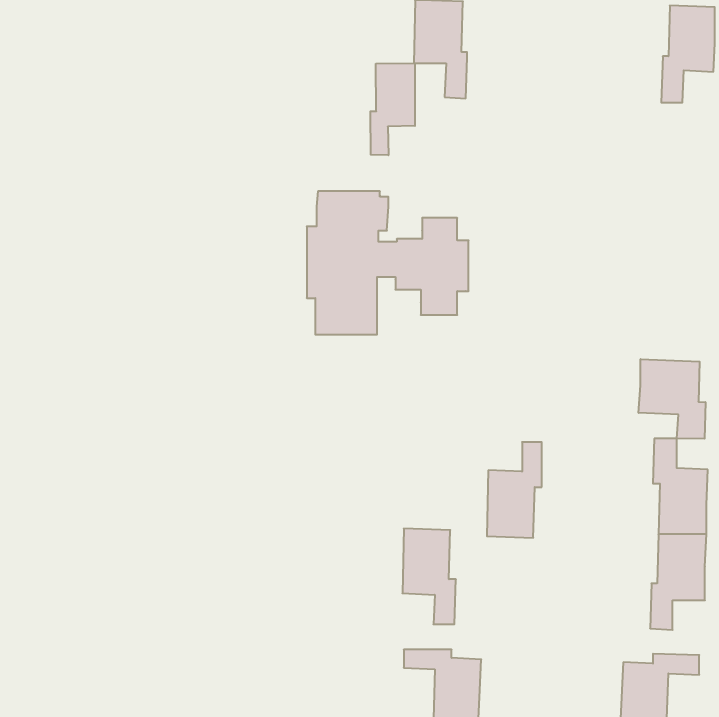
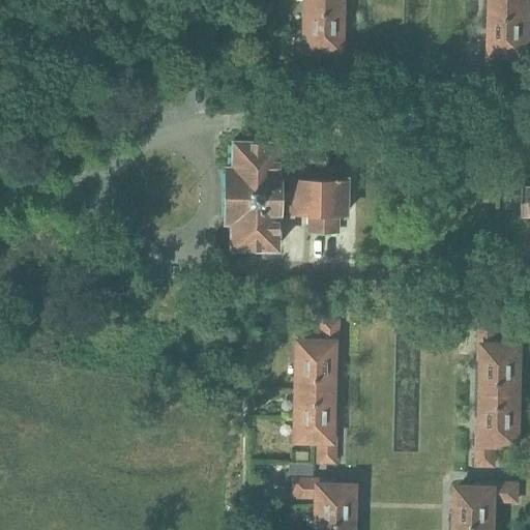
building: [370,63,415,155] -> none
building: [639,359,705,439] -> none
building: [487,442,542,538] -> [297,321,337,391]

